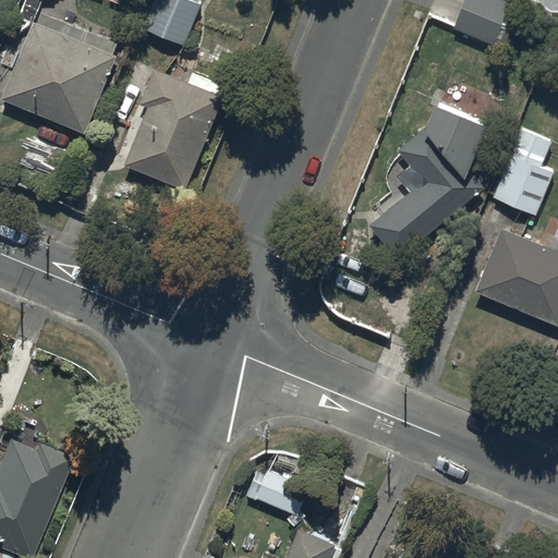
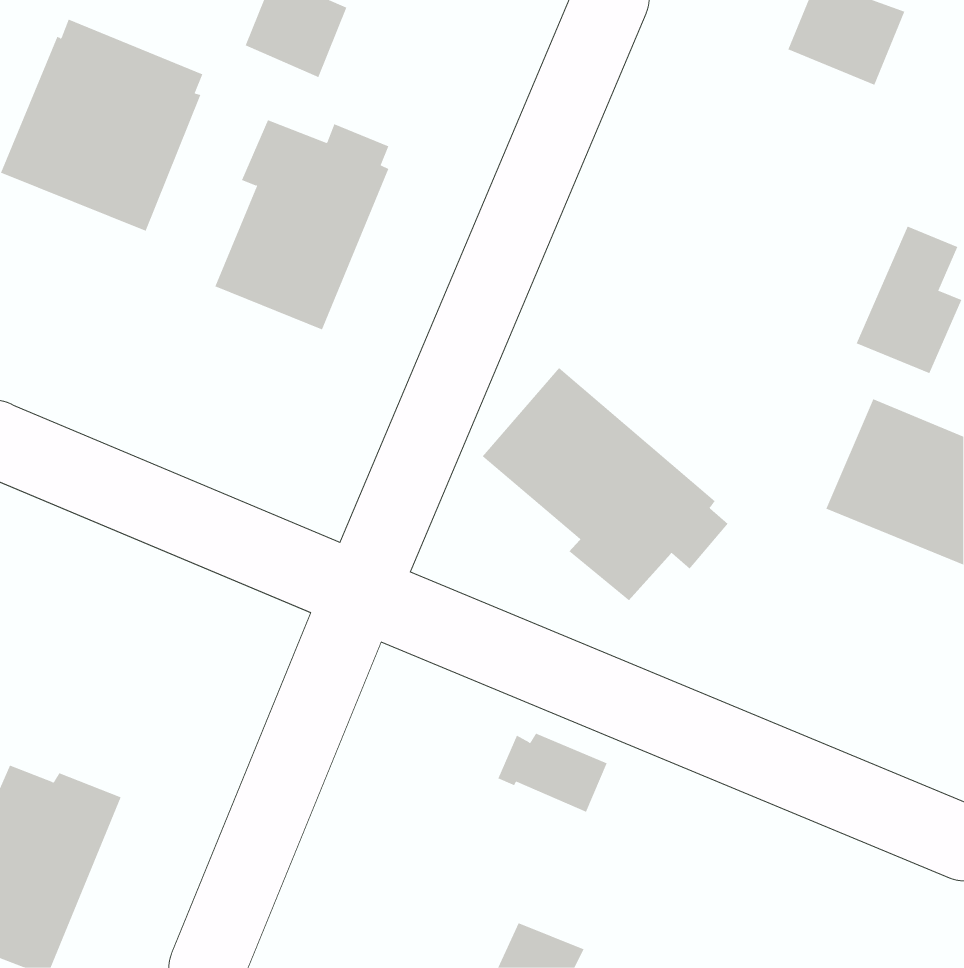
building: [368,105,488,259] -> none
building: none -> [482,367,729,601]
building: [245,470,308,515] -> [497,733,607,813]

